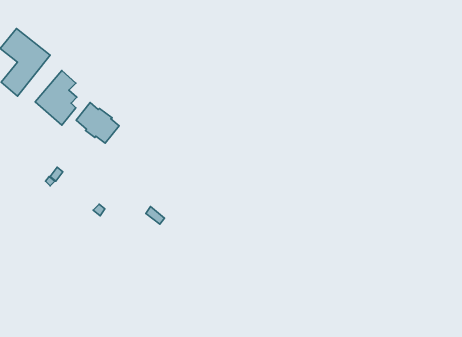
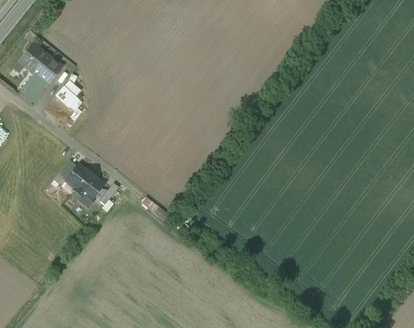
building: [76,103,119,143] -> [63,161,100,196]

